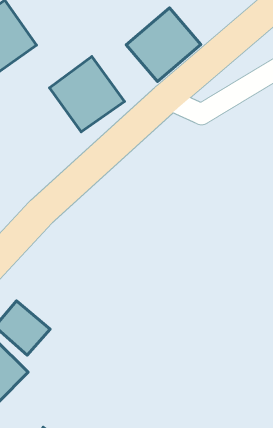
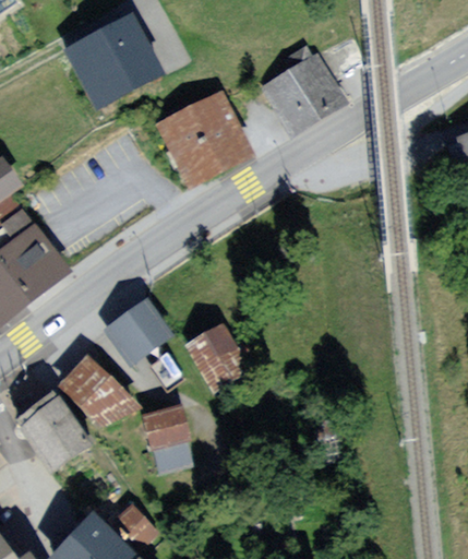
building: none -> [104,299,175,368]
building: none -> [185,324,250,396]
building: none -> [142,403,196,473]

